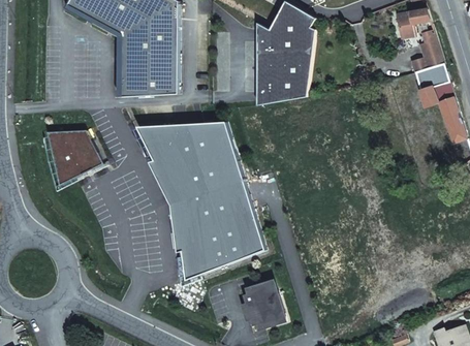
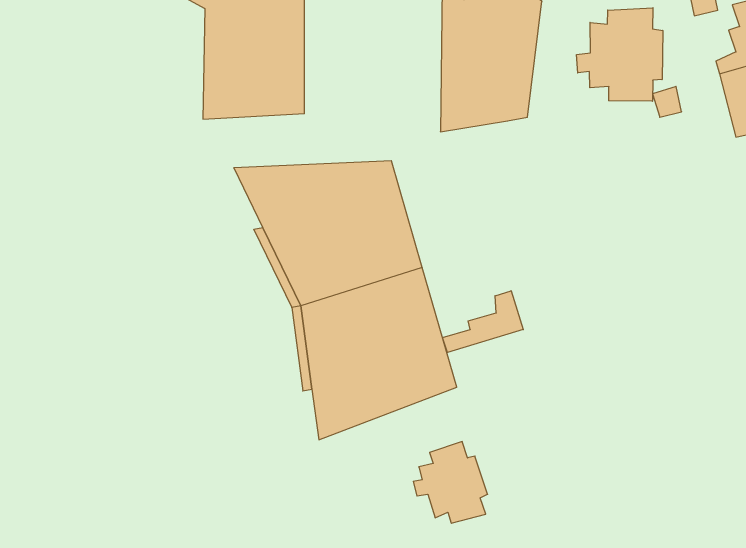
building: none -> [577,8,663,101]
building: [48,131,103,187] -> none
building: none -> [442,291,523,353]

